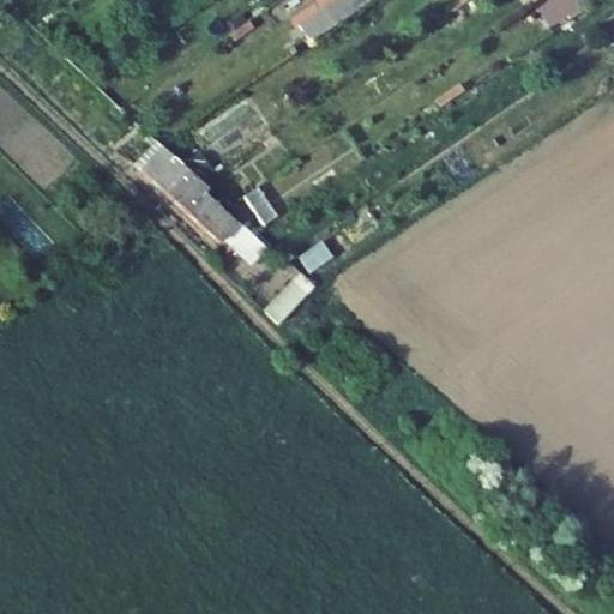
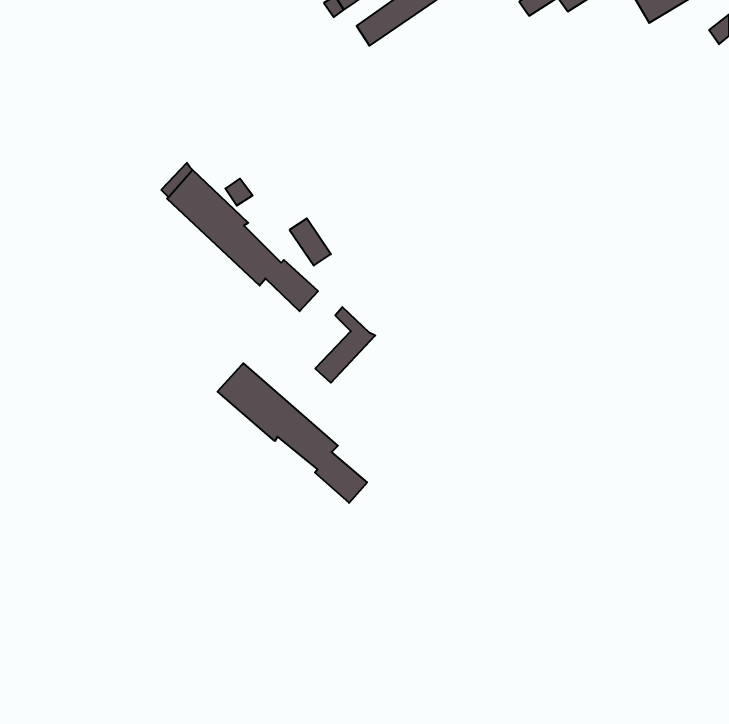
building: none -> [218,363,367,503]

